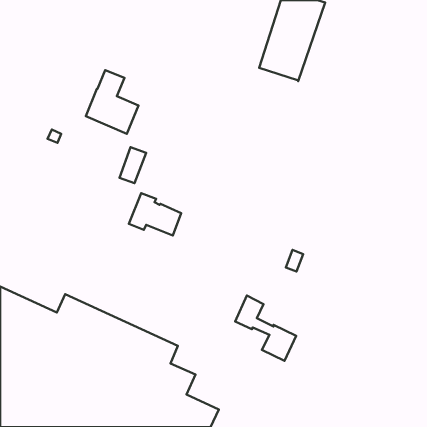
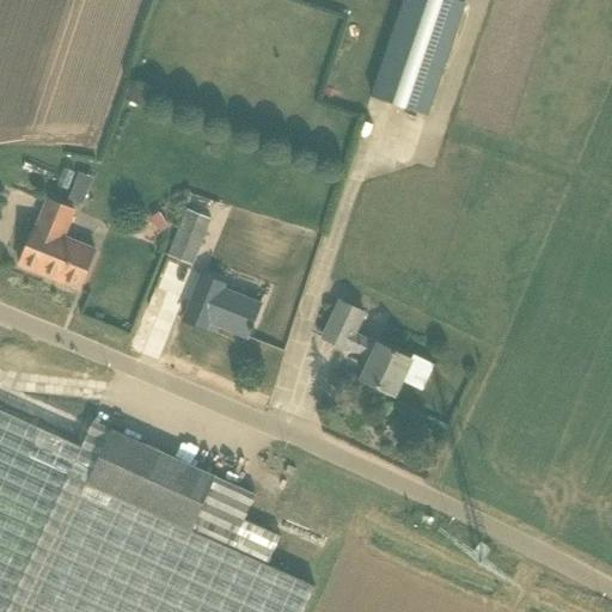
building: [86,70,139,134] -> [19,200,94,290]
building: [235,296,296,361] -> [323,301,410,394]

